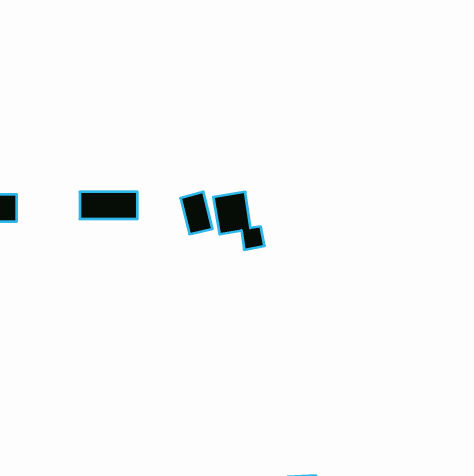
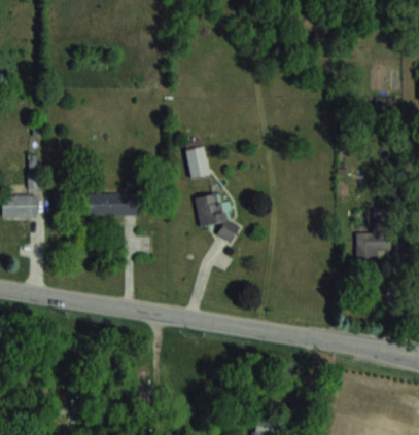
building: [180,192,212,234] -> [184,146,210,180]
building: none -> [356,233,390,259]

